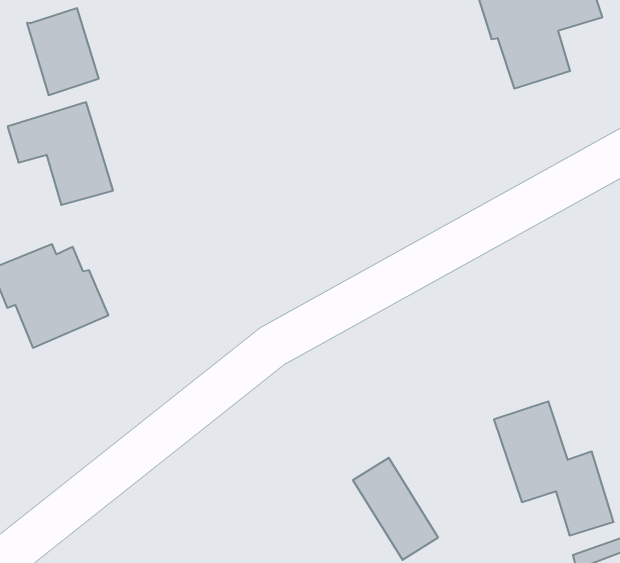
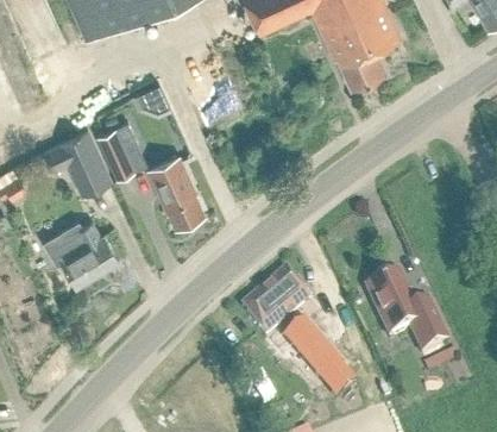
building: [27,8,99,95] -> [97,117,146,173]
building: none -> [150,150,206,221]
building: none -> [244,270,310,334]

